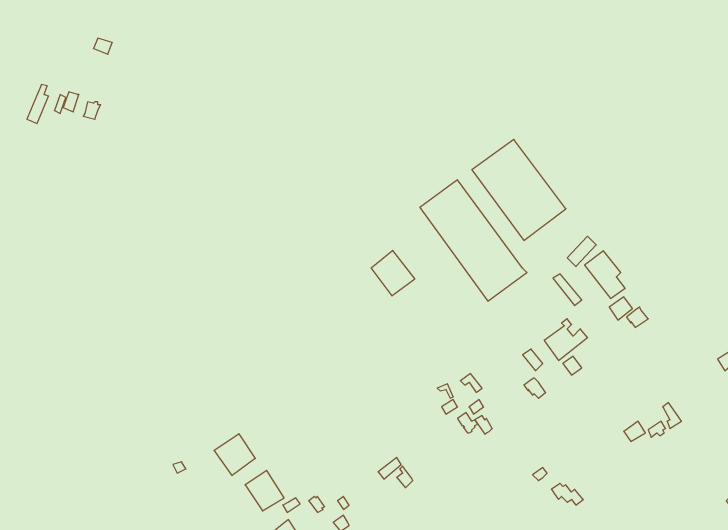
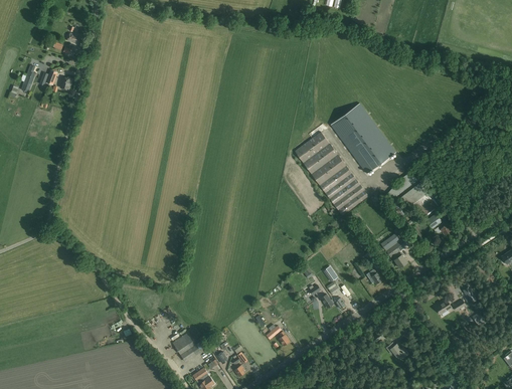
building: [371,250,415,296] -> none
building: [214,434,255,476] -> none

